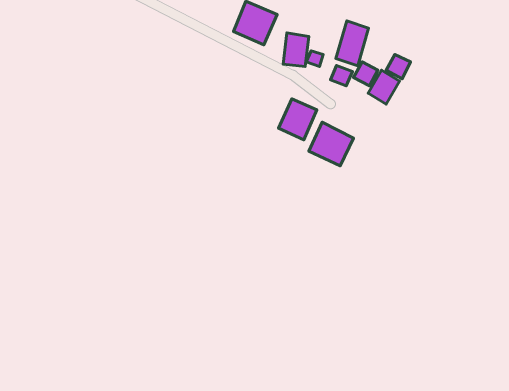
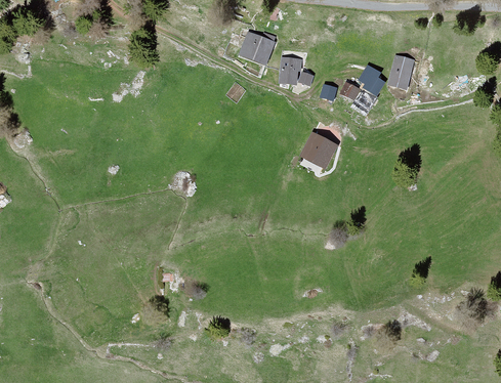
building: [336,21,369,66] -> [388,52,416,90]
building: [278,99,317,140] -> none

